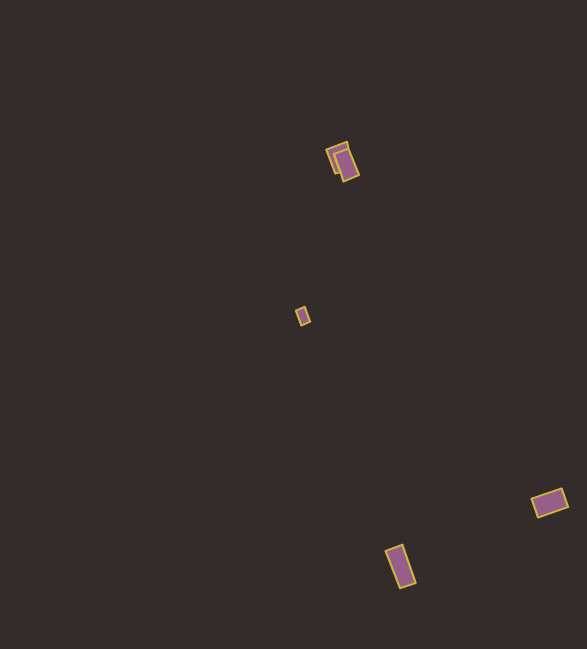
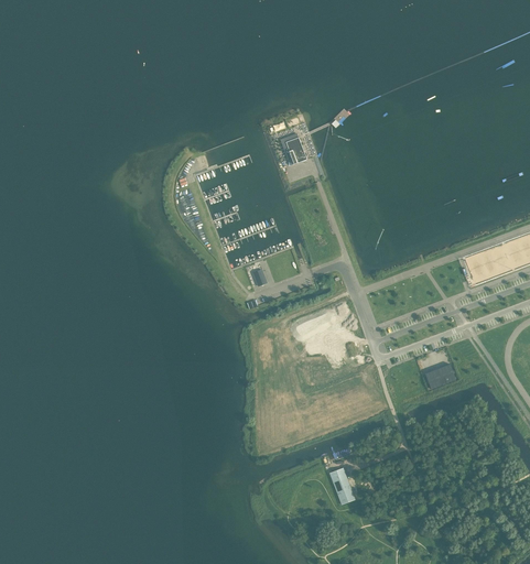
building: [531,488,568,517] -> [424,364,455,388]

